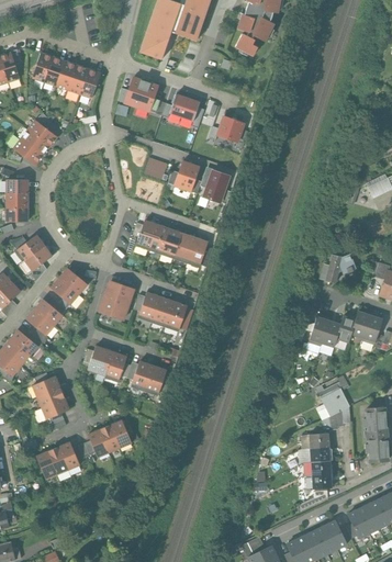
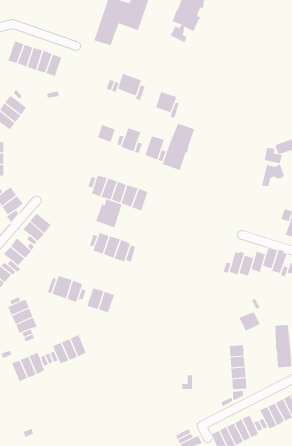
building: [124,78,157,111] -> none
building: none -> [162,123,195,171]
building: [325,254,355,282] -> [261,164,285,187]
building: [99,282,133,319] -> [95,198,123,228]

